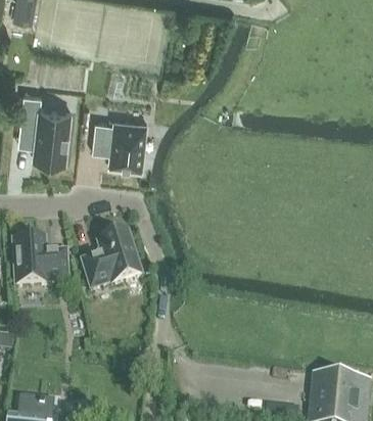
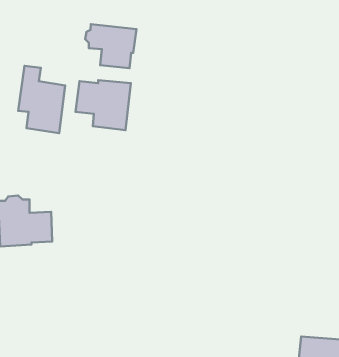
building: none -> [85,24,136,68]
building: [81,227,140,284] -> none

